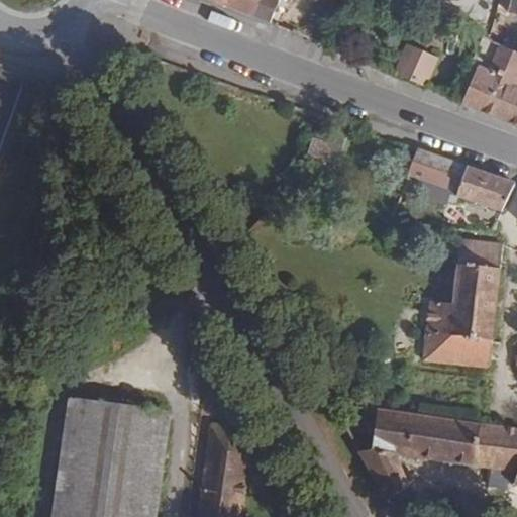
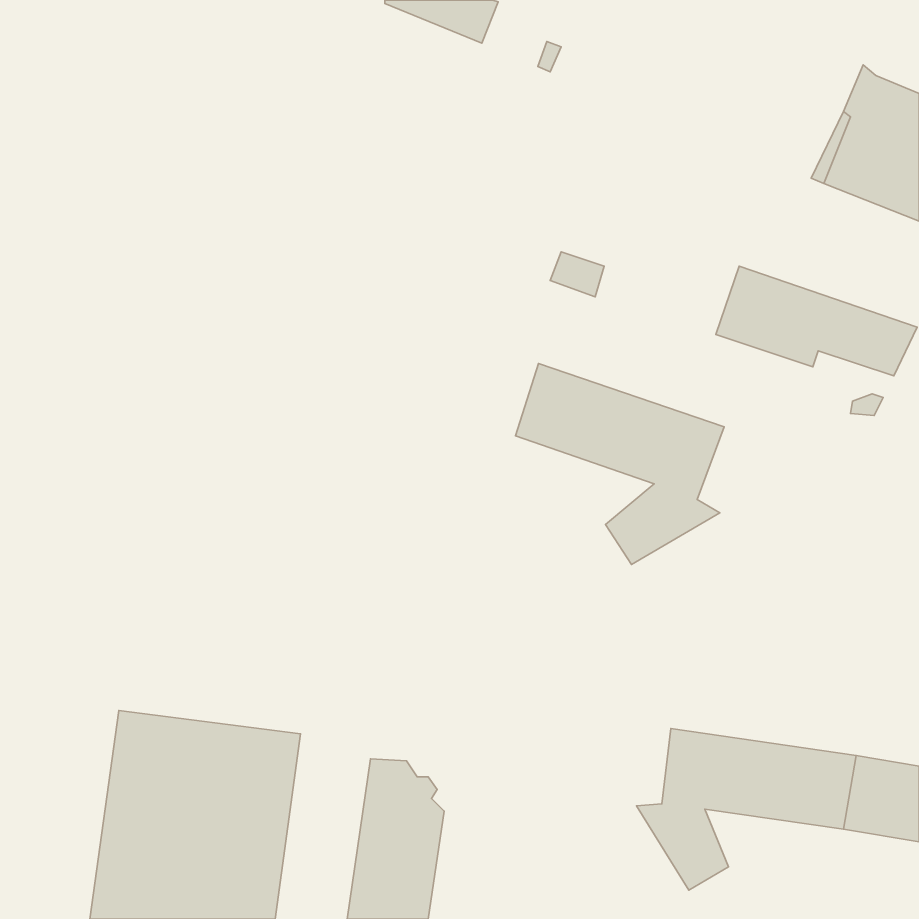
building: [393,45,436,88] -> none
building: none -> [516,363,724,564]
building: [425,237,501,361] -> none

